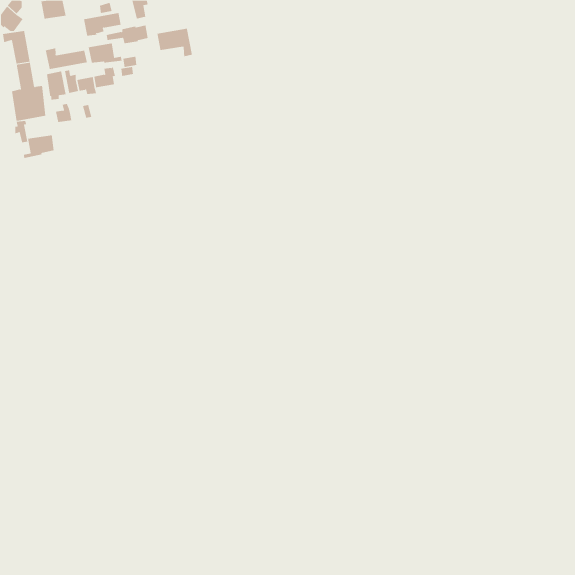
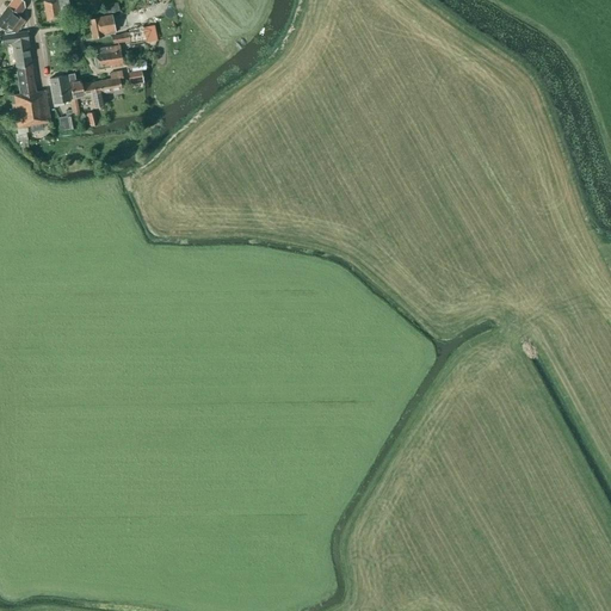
building: [157,28,192,57] -> none
building: [45,47,87,70] -> none
building: [23,135,54,159] -> none

